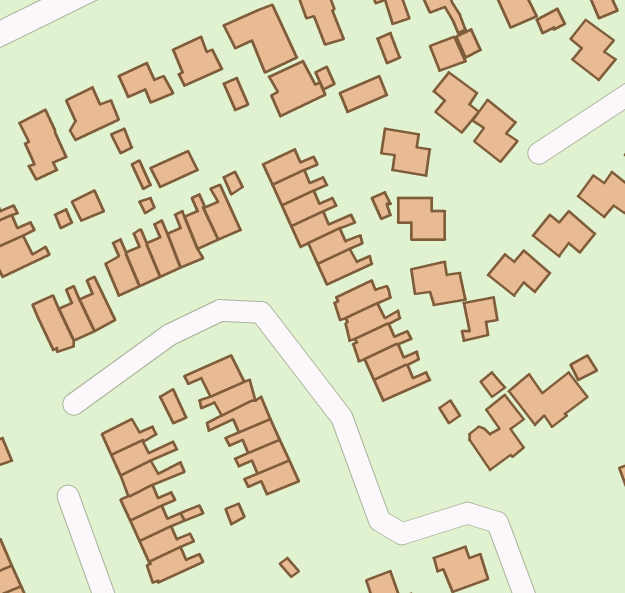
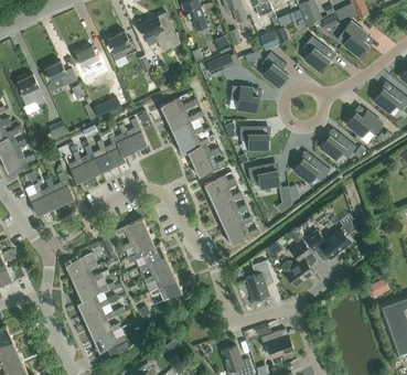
building: [269,61,325,116] -> none
building: [472,100,517,162] -> [303,35,330,72]
building: none -> [247,260,272,299]

